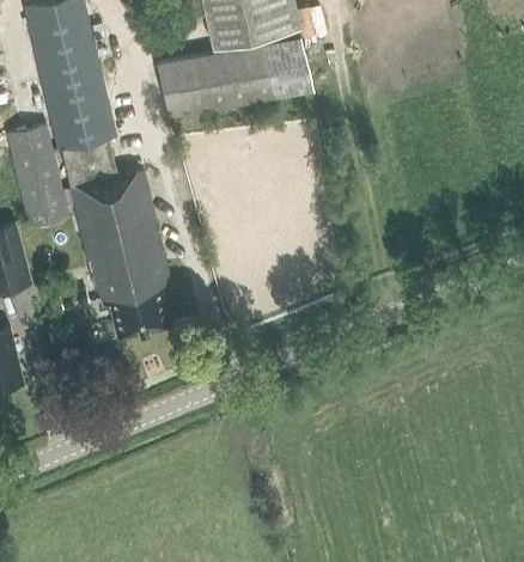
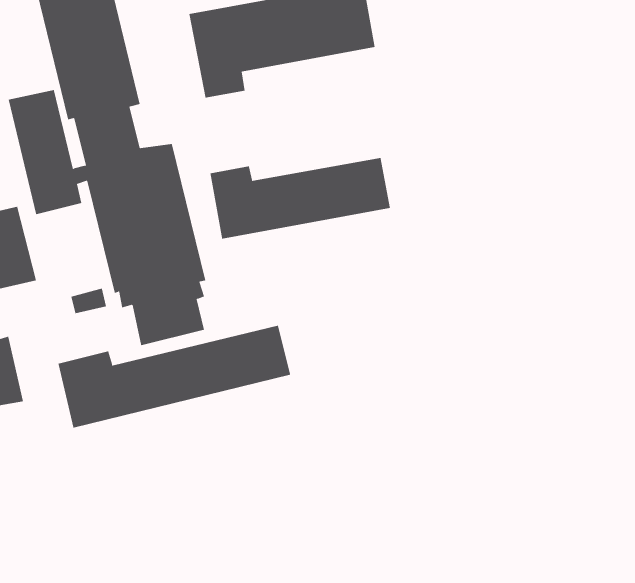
building: none -> [210,157,391,240]
building: none -> [58,325,291,428]

